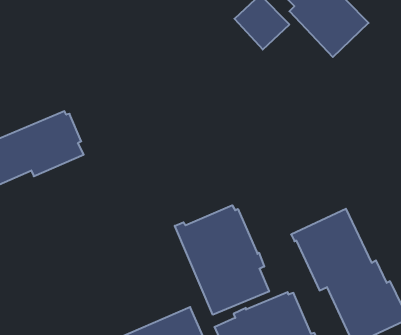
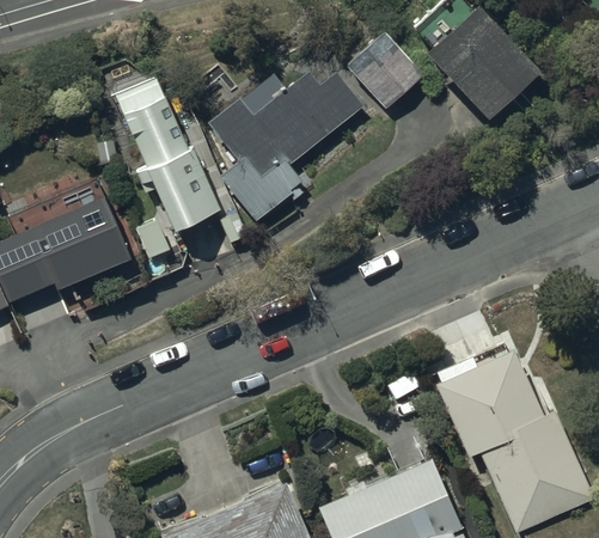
building: none -> [207,71,363,224]
building: none -> [115,77,220,232]
building: [175,205,269,315] -> none

